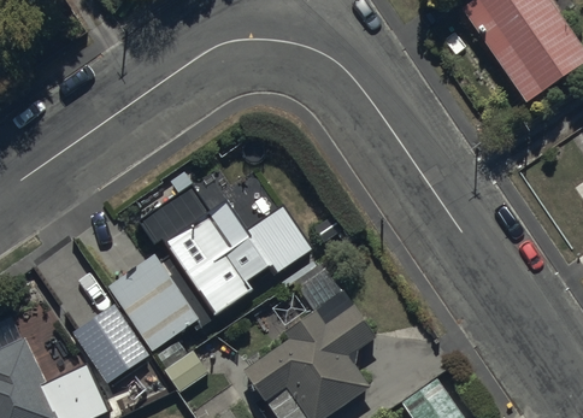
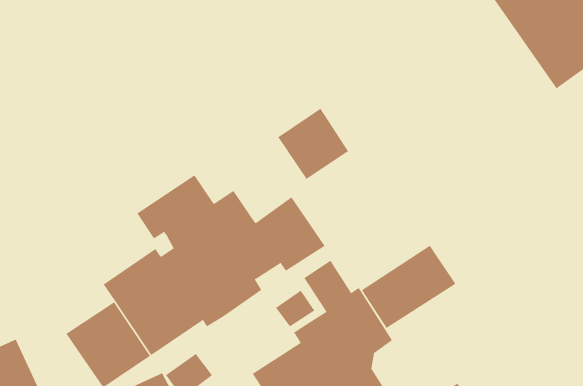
building: none -> [278,108,349,180]
building: none -> [361,245,456,329]

